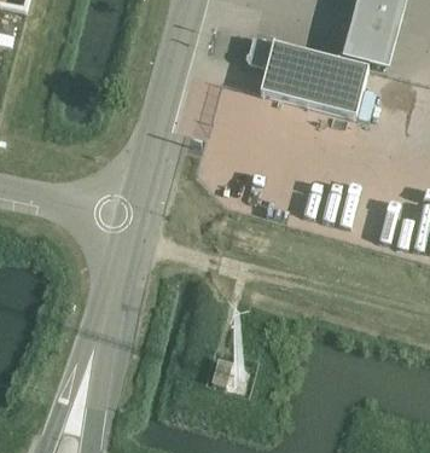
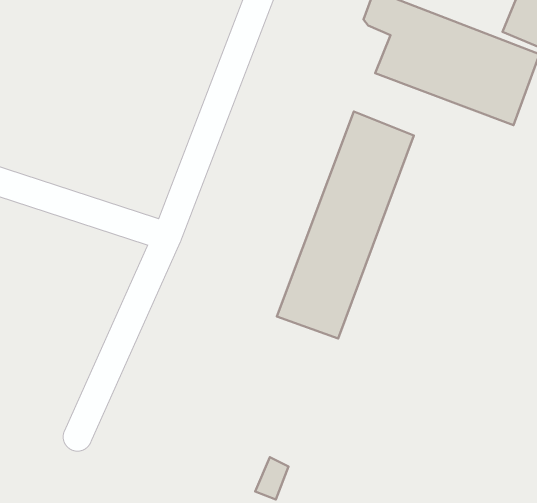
building: none -> [277,112,414,339]

